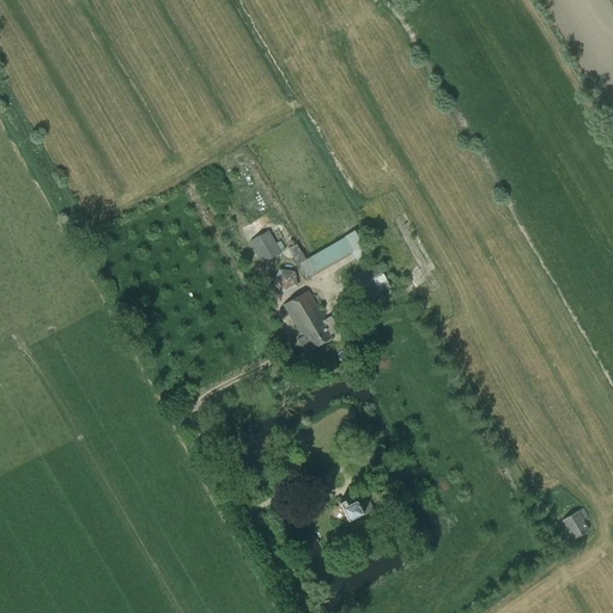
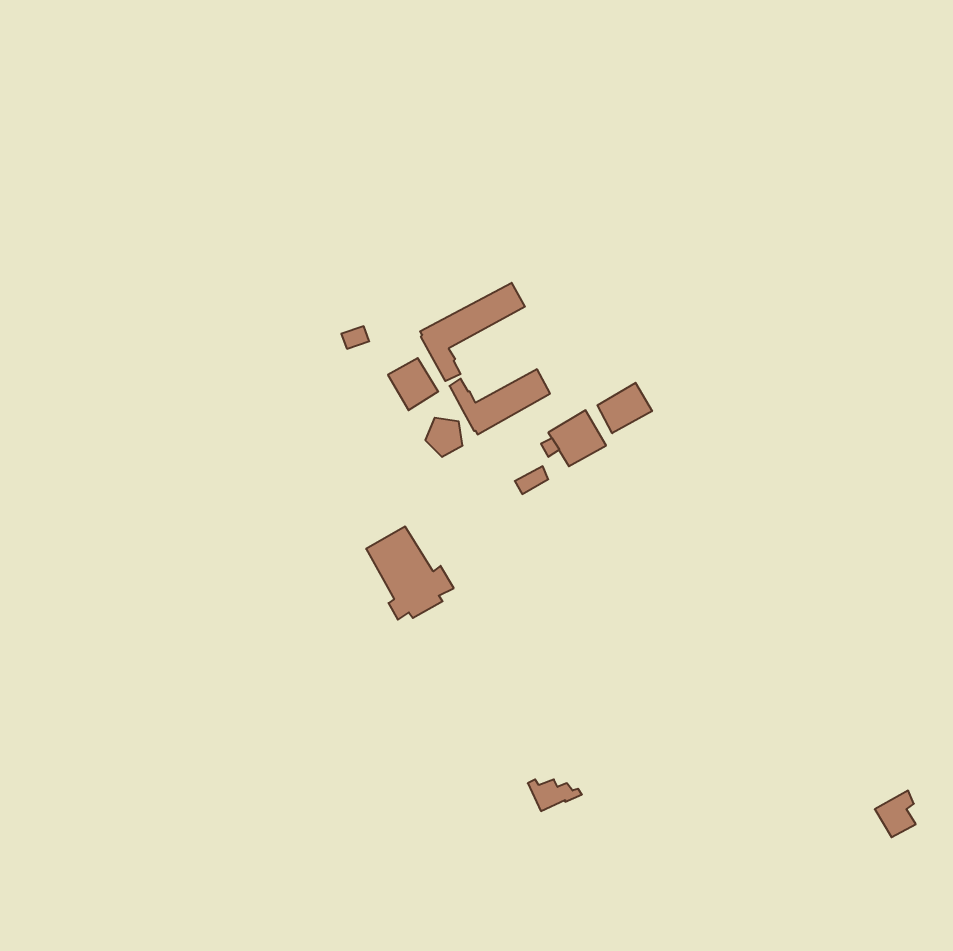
building: none -> [420,283,525,381]
building: none -> [597,383,652,433]
building: [283,290,339,350] -> [366,527,454,620]

